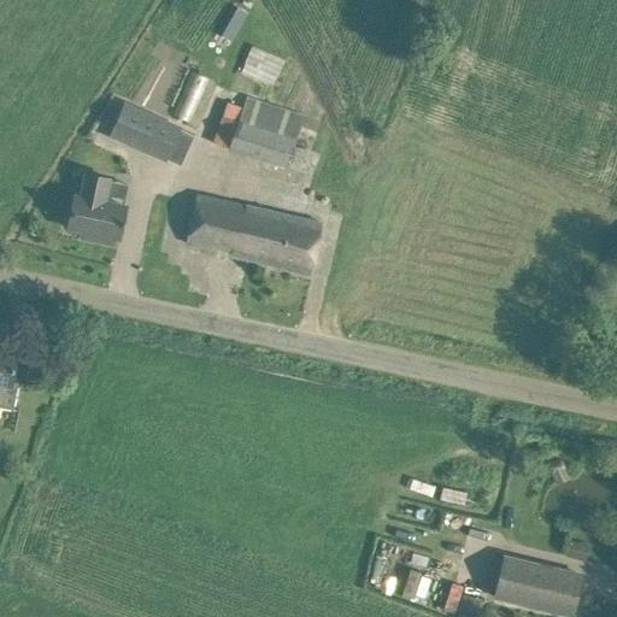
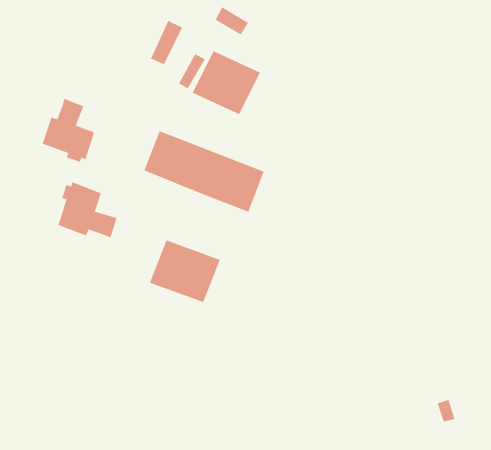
building: [111,104,195,159] -> none
building: none -> [58,182,117,238]
building: none -> [149,240,221,303]

